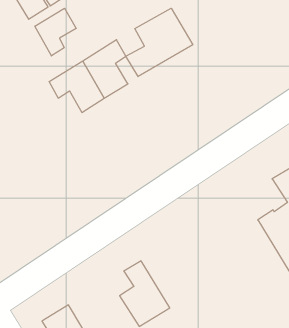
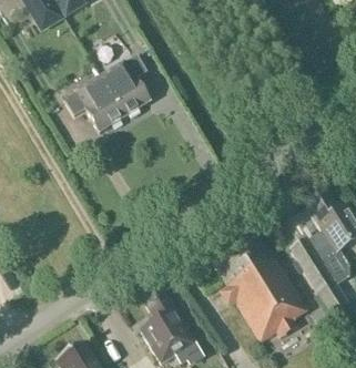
building: [35,8,76,56] -> none
building: [126,8,193,77] -> none
building: none -> [213,232,307,339]

